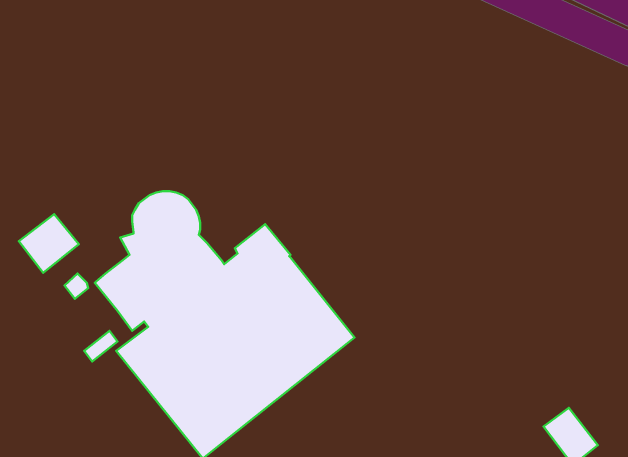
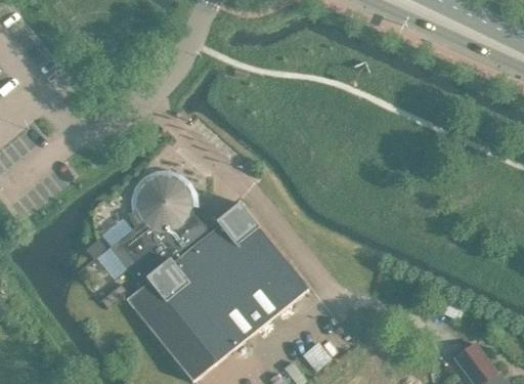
building: [19,214,79,273] -> none

